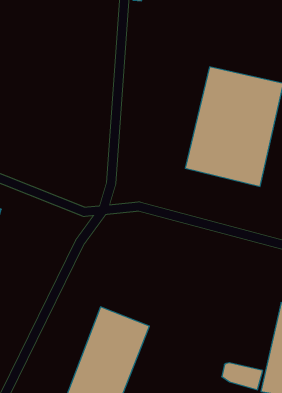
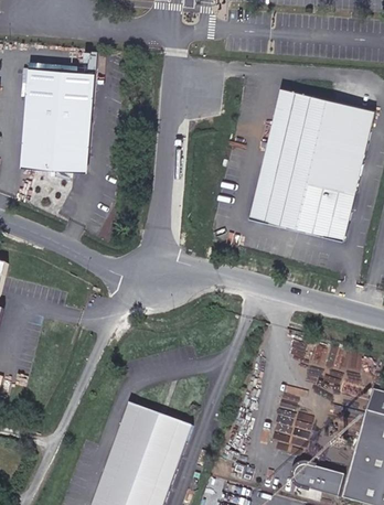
building: none -> [19,67,93,170]

